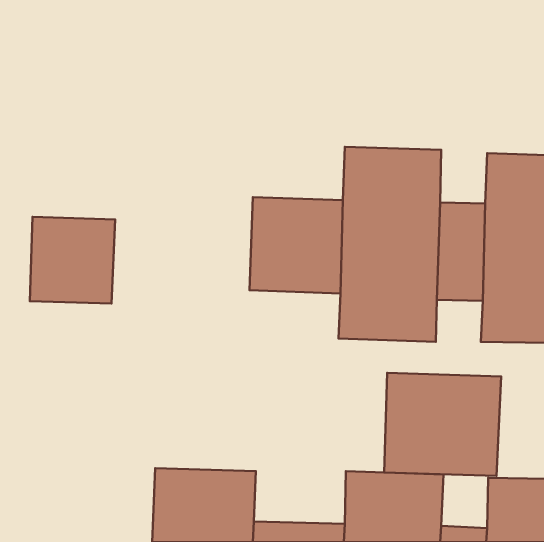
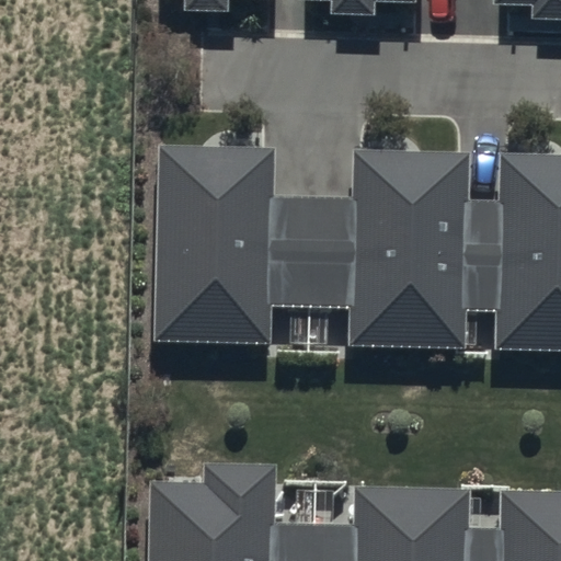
building: none -> [154,148,263,346]
building: [30,217,115,304] -> none
building: [384,373,501,476] -> none

